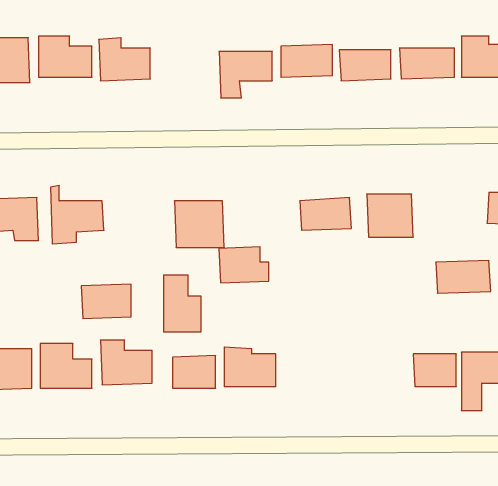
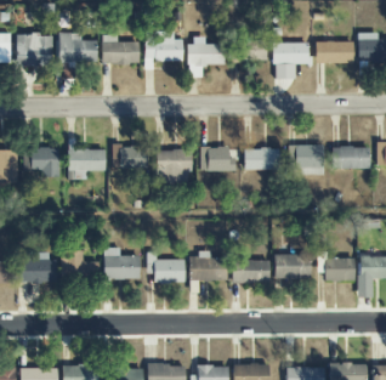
building: none -> [144,32,182,69]
building: [219,247,269,283] -> [200,146,235,171]
building: [436,261,491,293] -> [331,146,370,169]
building: [164,275,201,332] -> none
building: [81,284,131,319] -> [112,144,147,169]
building: none -> [274,254,311,278]
building: none -> [232,260,269,283]

